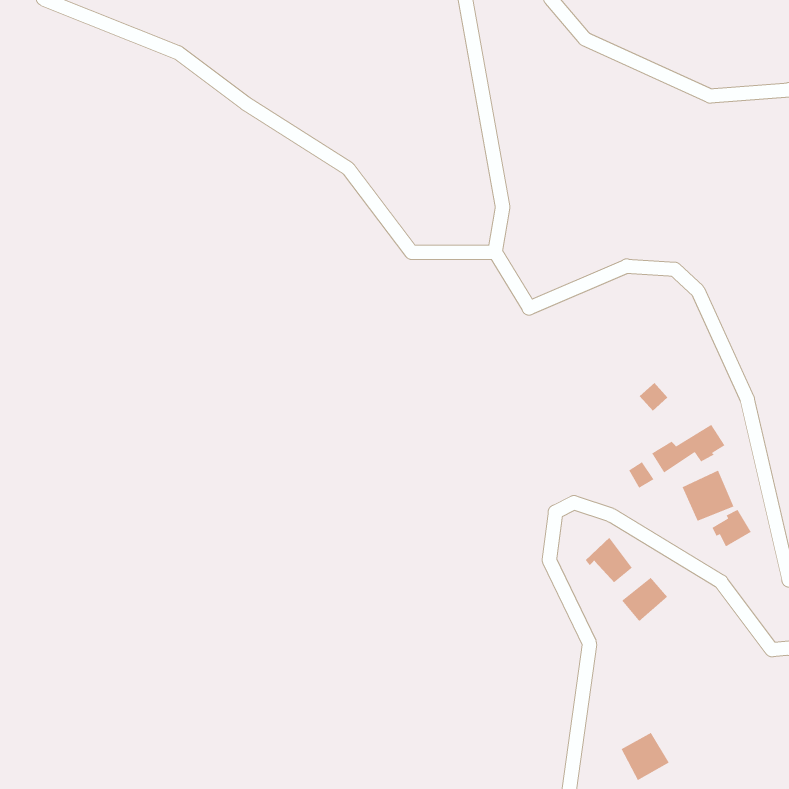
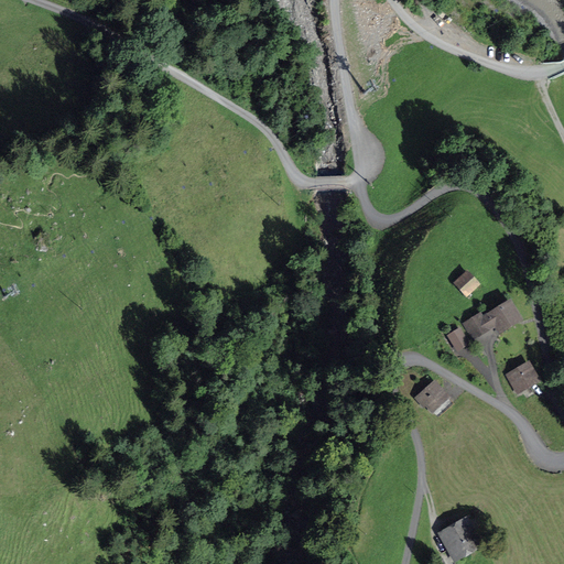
building: [682,470,734,522] -> none
building: [621,577,668,622] -> none

